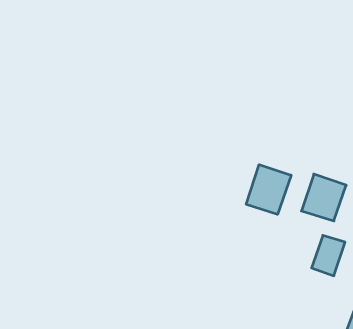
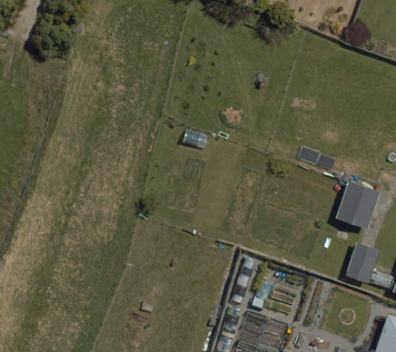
building: [246,165,291,214] -> none

